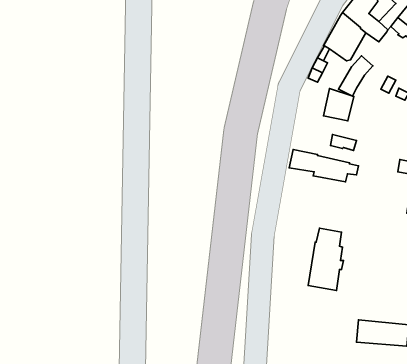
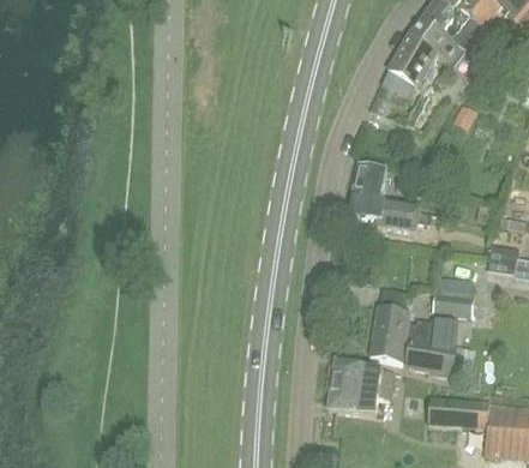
building: [324,89,354,121] -> [351,161,387,199]
building: none -> [433,292,474,316]
building: none -> [407,319,457,377]
building: none -> [327,359,395,415]

